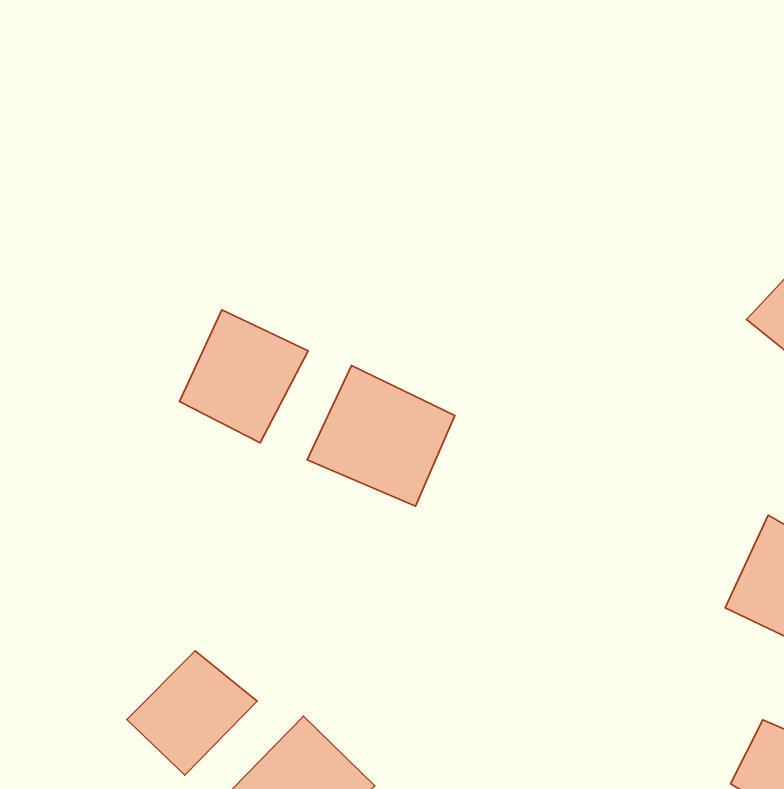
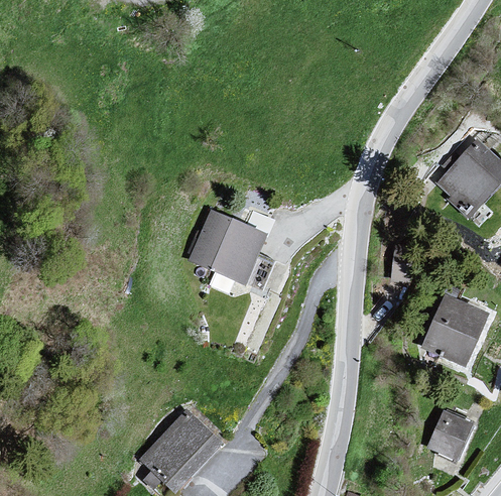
building: [180,310,308,443] -> none
building: [127,651,257,775] -> none

